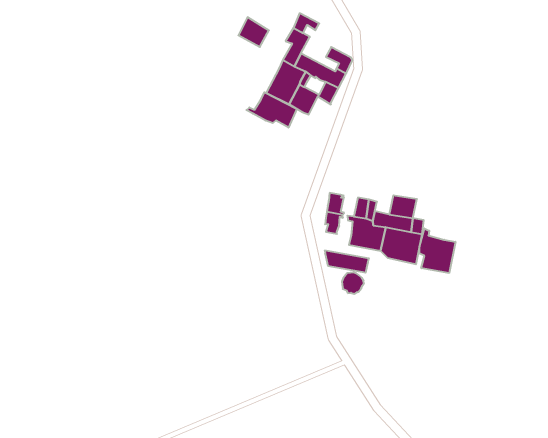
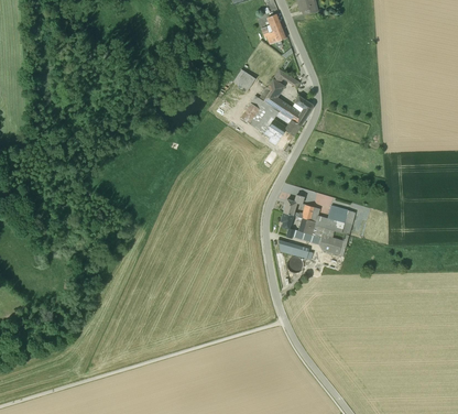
building: [246,92,297,128] -> none
building: [420,228,455,273] -> none

